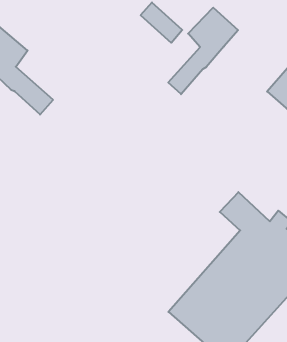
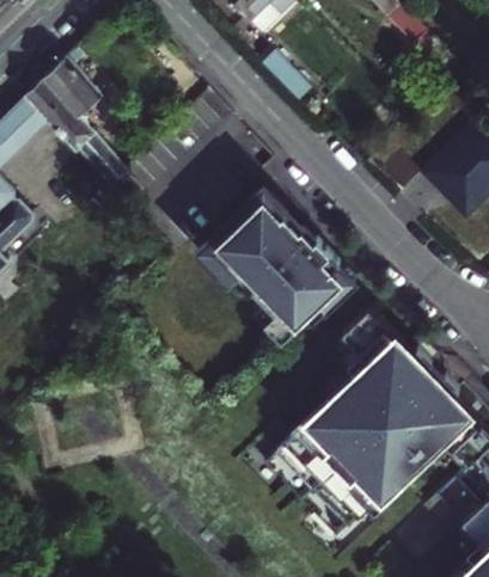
building: [168,8,238,94] -> none
building: none -> [203,189,356,340]

